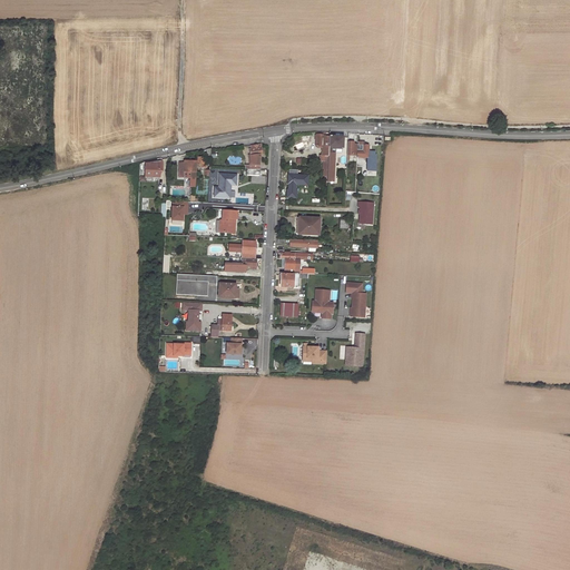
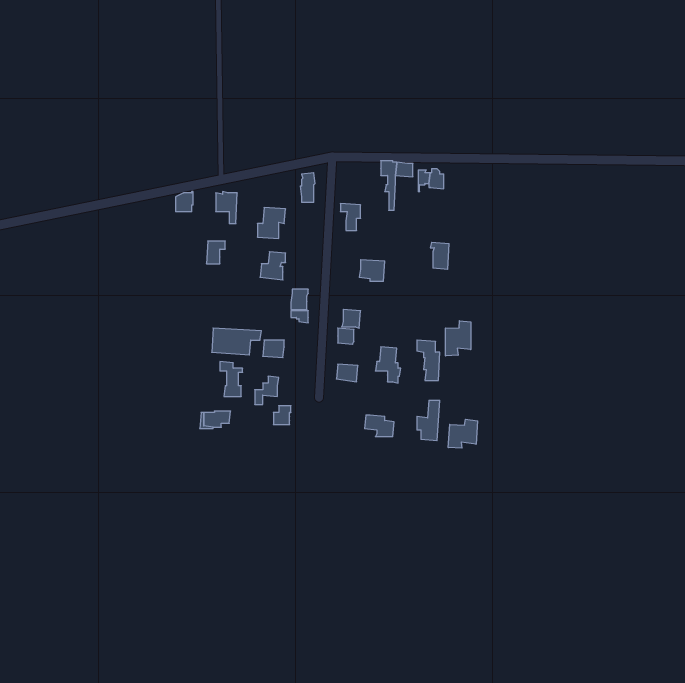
building: none -> [446,321,471,356]
building: none -> [448,419,478,448]

